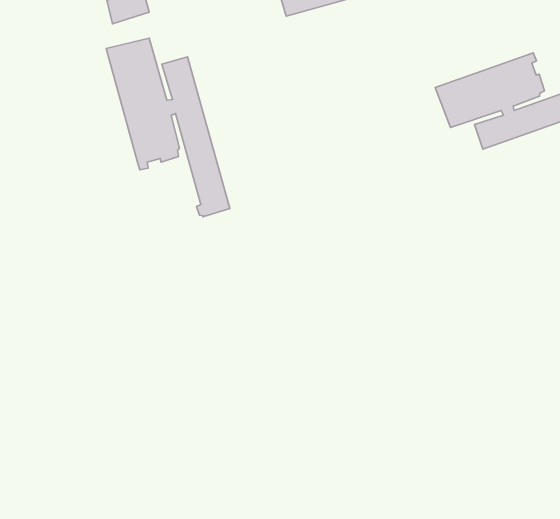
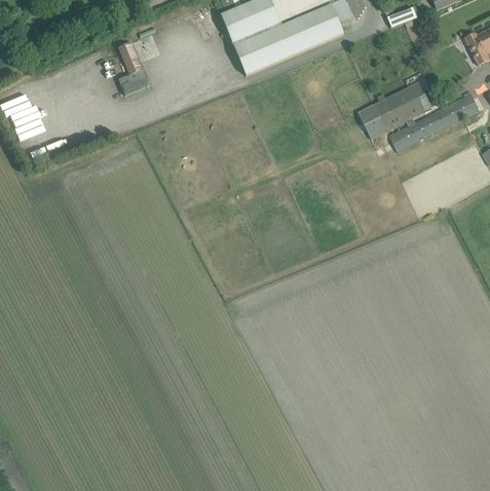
building: [106,38,230,217] -> none

